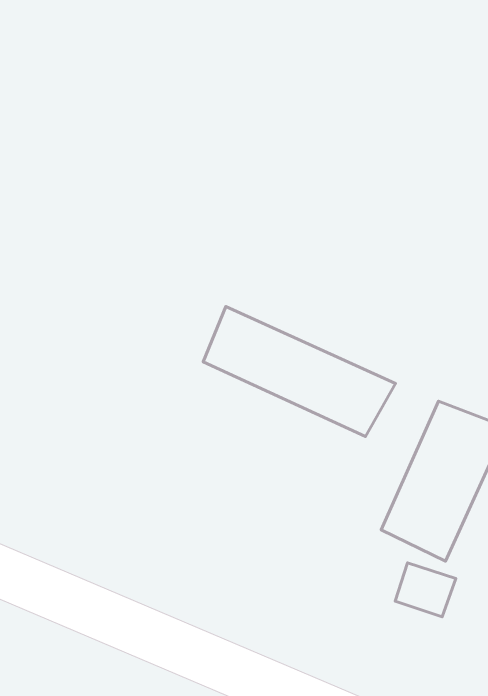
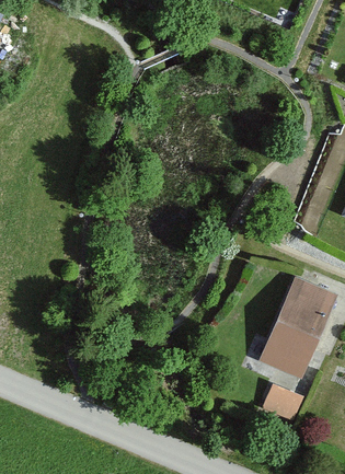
building: [203,306,395,437] -> none

